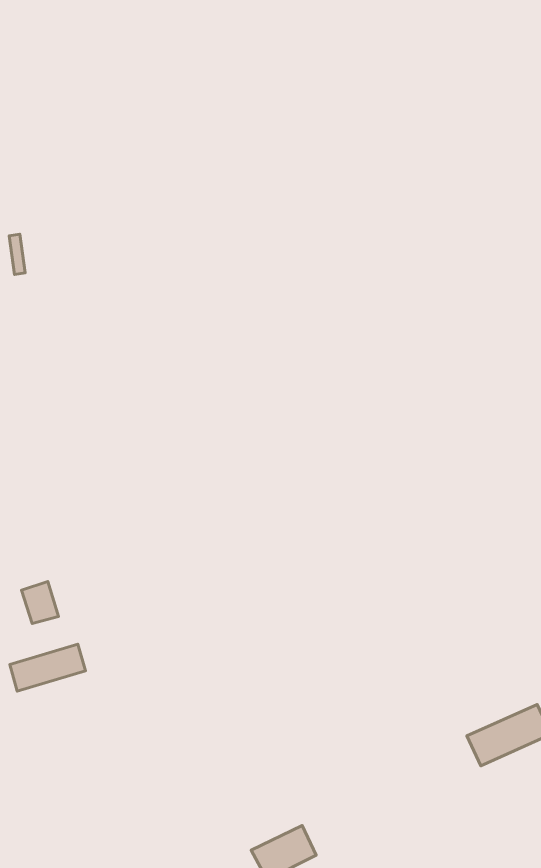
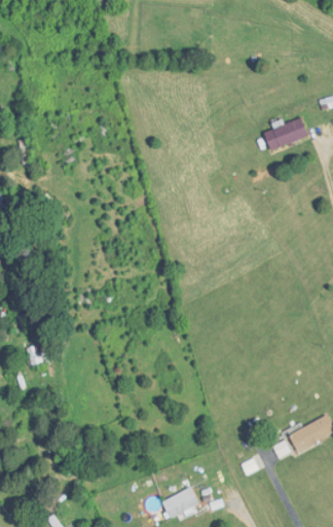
building: none -> [262,119,306,150]
building: [10,644,85,691] -> none

